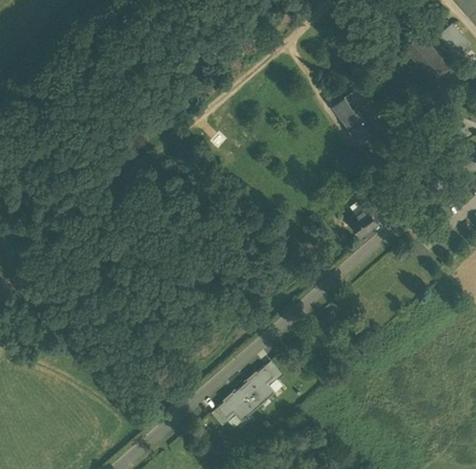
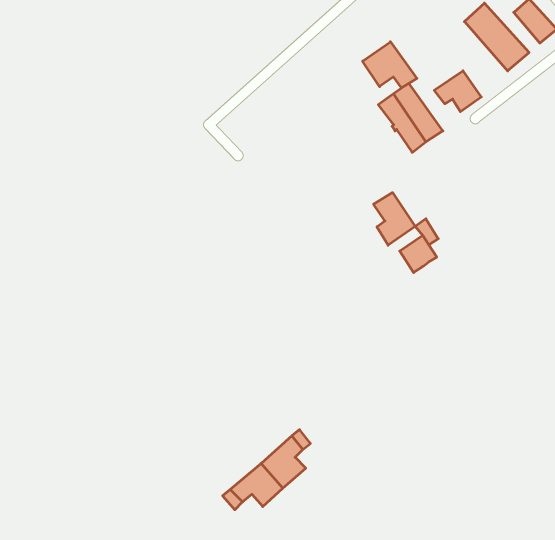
building: none -> [363,42,417,88]
building: none -> [434,71,481,112]
building: none -> [374,193,415,245]

